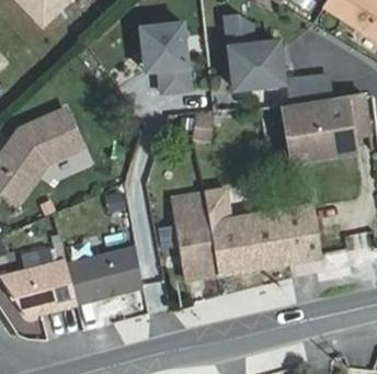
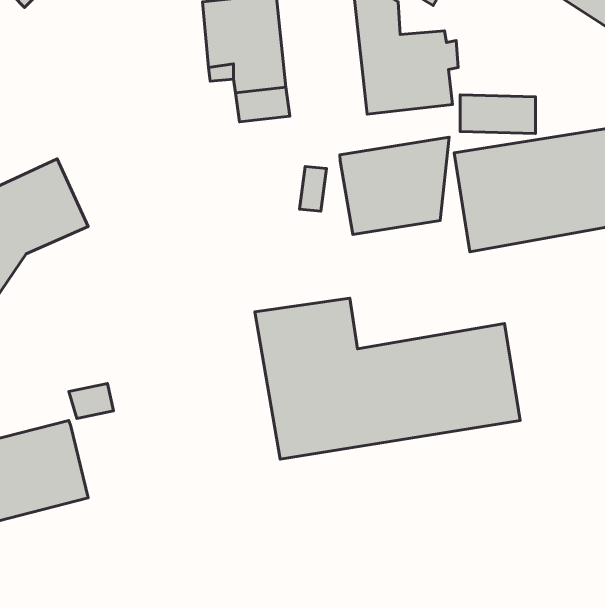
building: none -> [340,137,449,235]
building: [67,245,144,303] -> none

